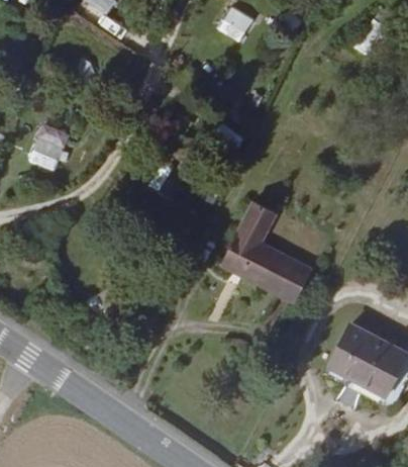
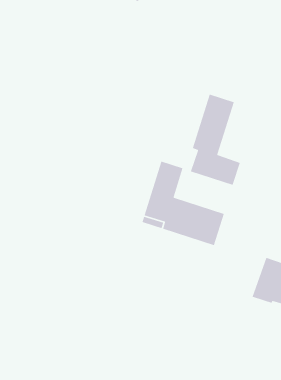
building: none -> [190,94,241,186]

